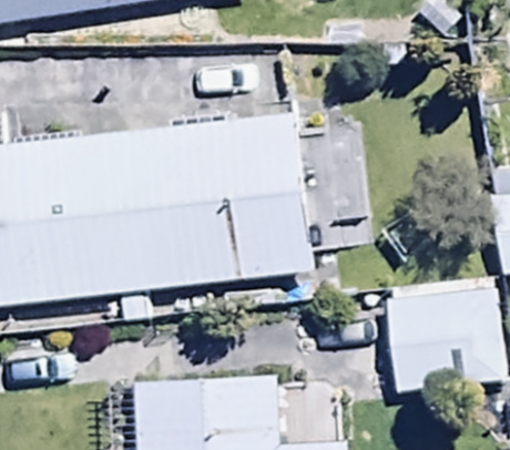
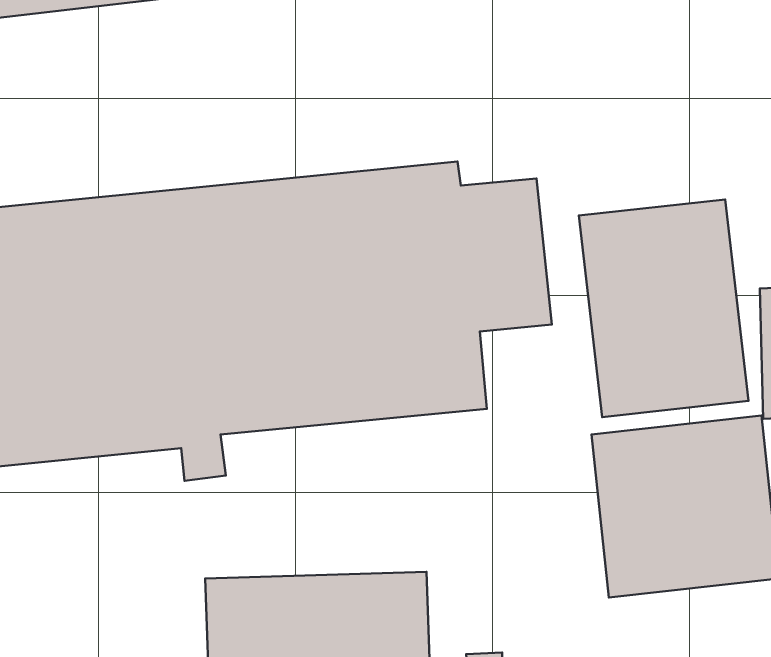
building: none -> [579,199,748,417]

